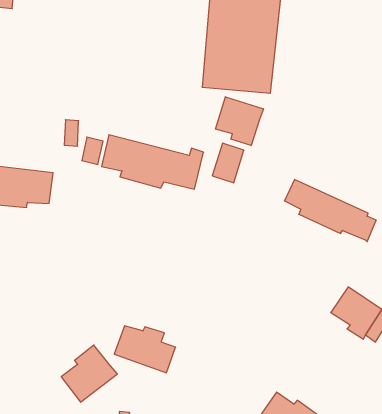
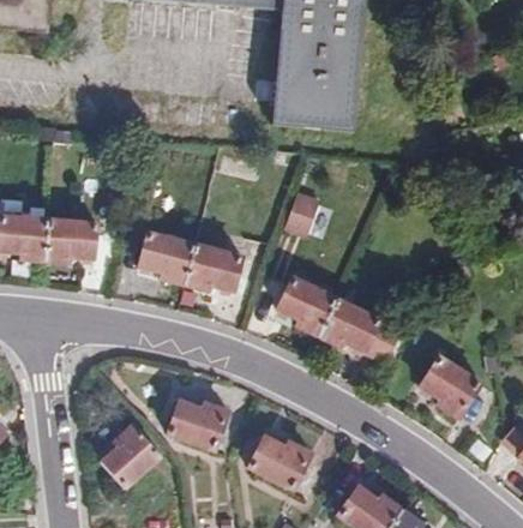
building: [216,97,263,146] -> none
building: [102,135,204,189] -> [138,230,258,294]
building: [284,179,376,242] -> [282,278,390,352]
building: none -> [250,432,325,493]

